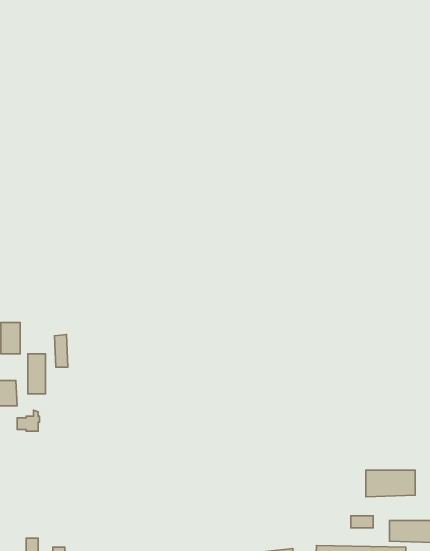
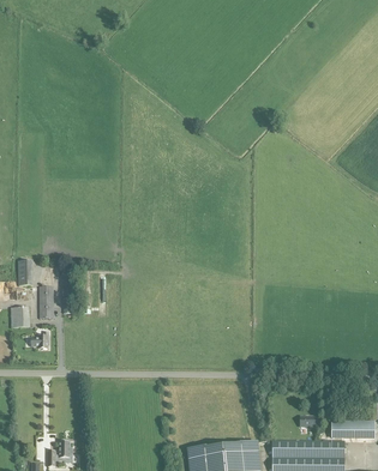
building: [366,470,415,497] -> none

